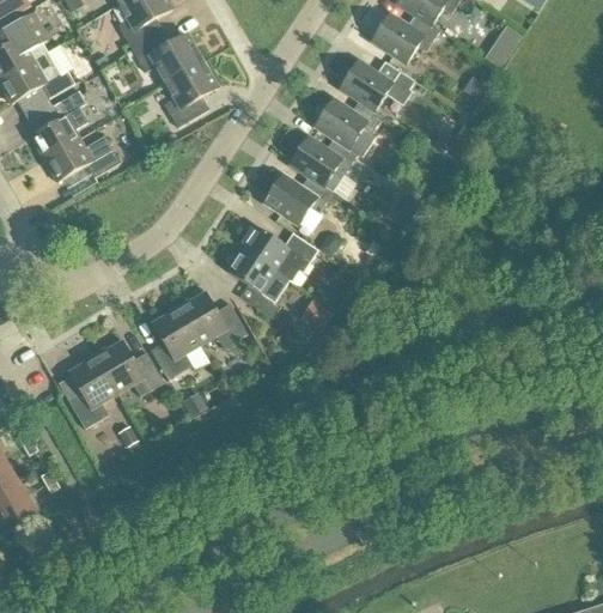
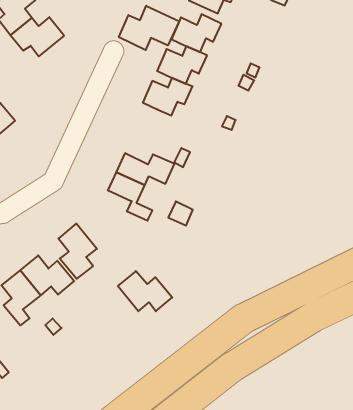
building: none -> [119,6,179,50]
building: [164,60,218,127] -> none
building: [264,175,333,224] -> none
building: [178,291,246,347] -> [118,271,172,311]

